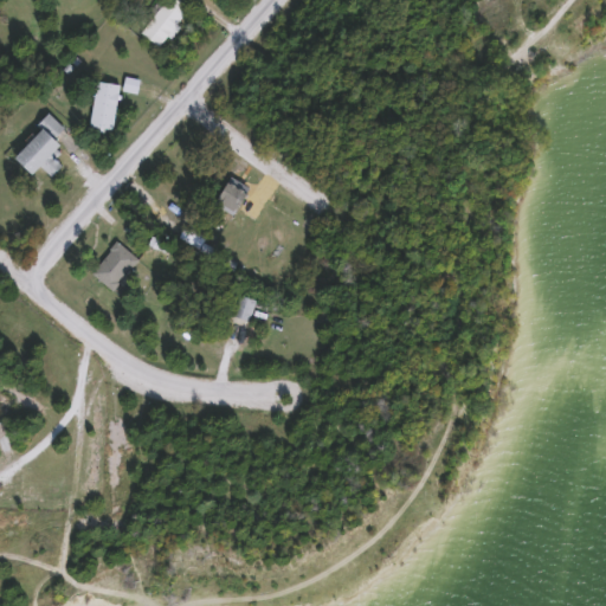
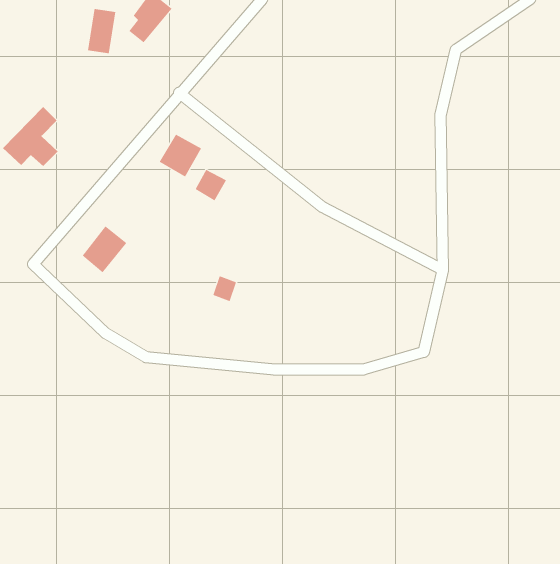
building: [90,82,121,130] -> [87,8,116,54]
building: none -> [159,134,202,177]

